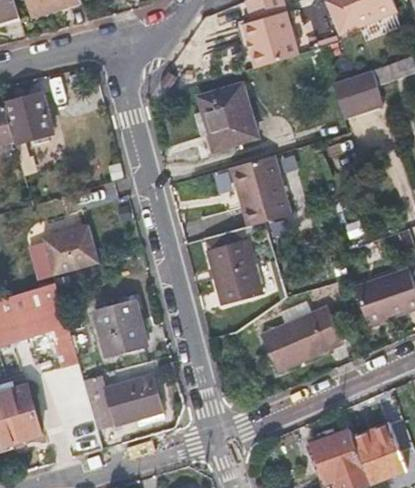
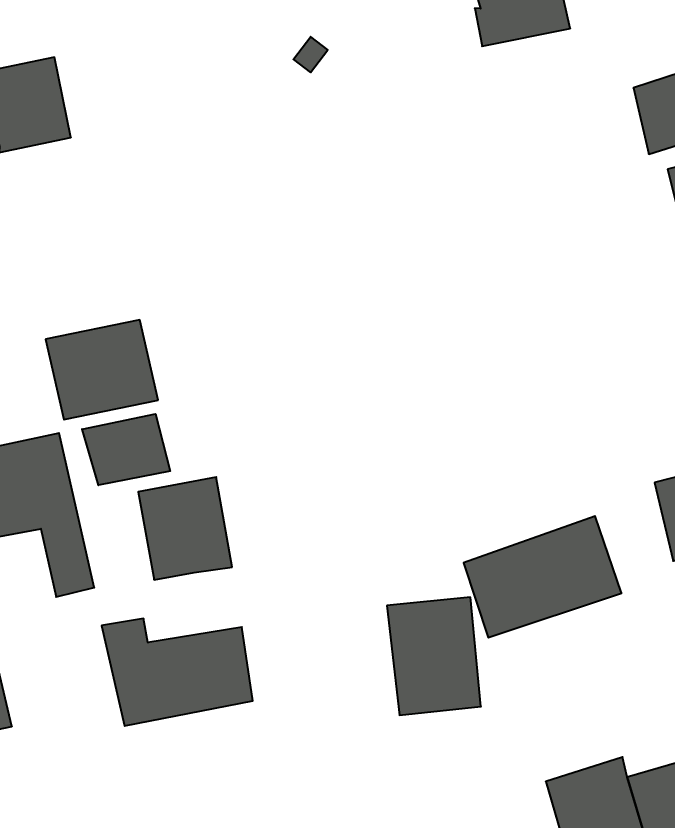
building: [197,89,252,150] -> none
building: [231,158,290,229] -> none
building: [207,245,258,307] -> [387,597,481,715]
building: none -> [82,414,170,485]

